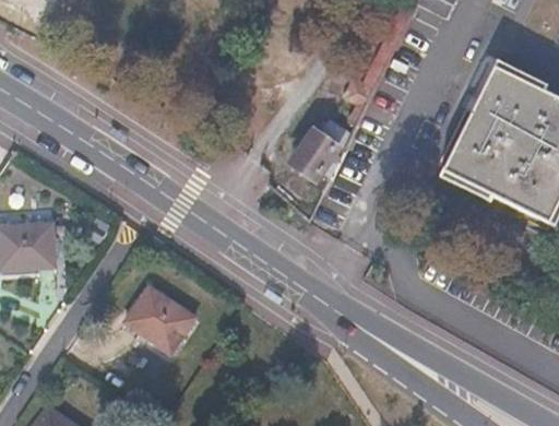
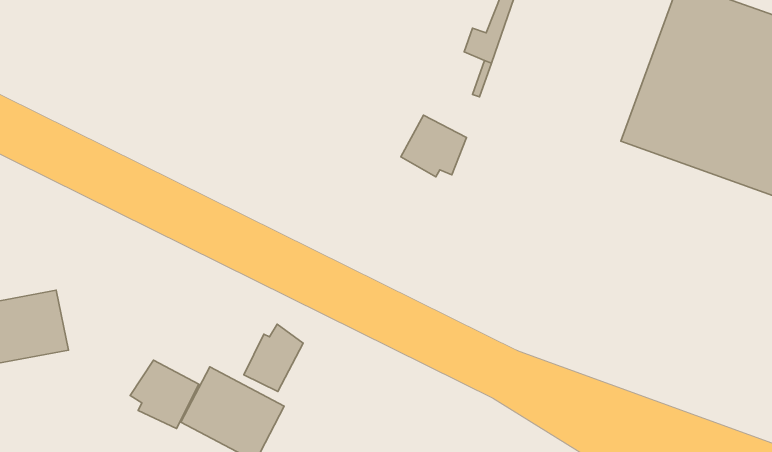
building: none -> [244,324,303,391]
building: none -> [130,360,199,429]

